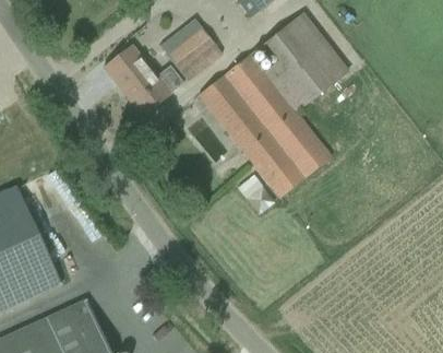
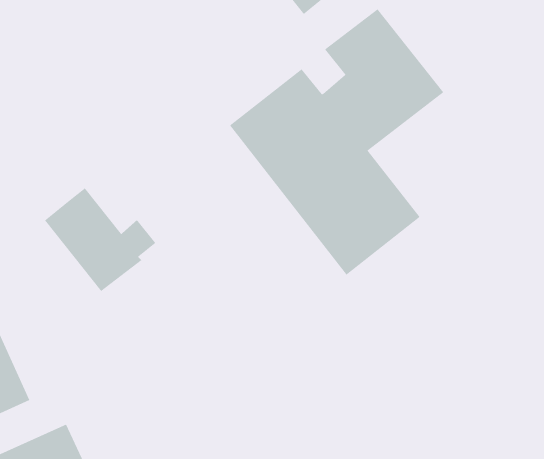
building: [166,28,220,81] -> none
building: [101,45,179,117] -> [44,187,156,292]

